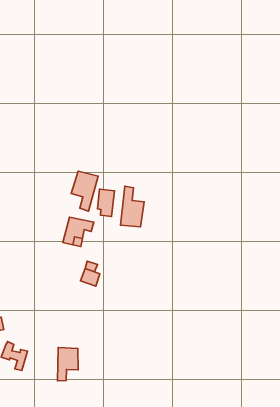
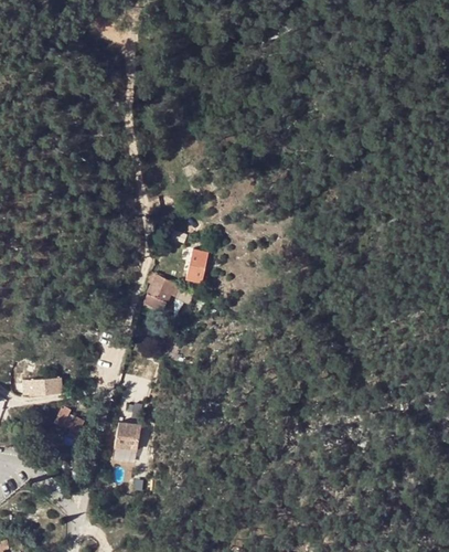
building: [71,171,98,211] -> none
building: [121,186,144,227] -> none

